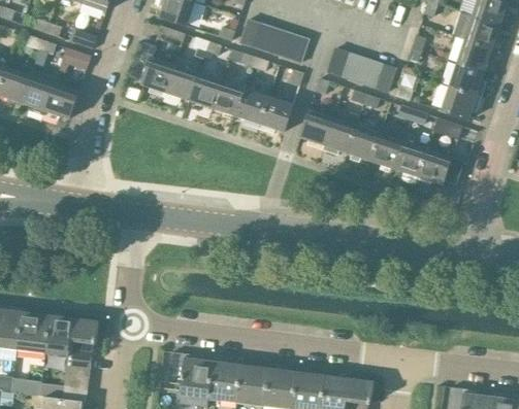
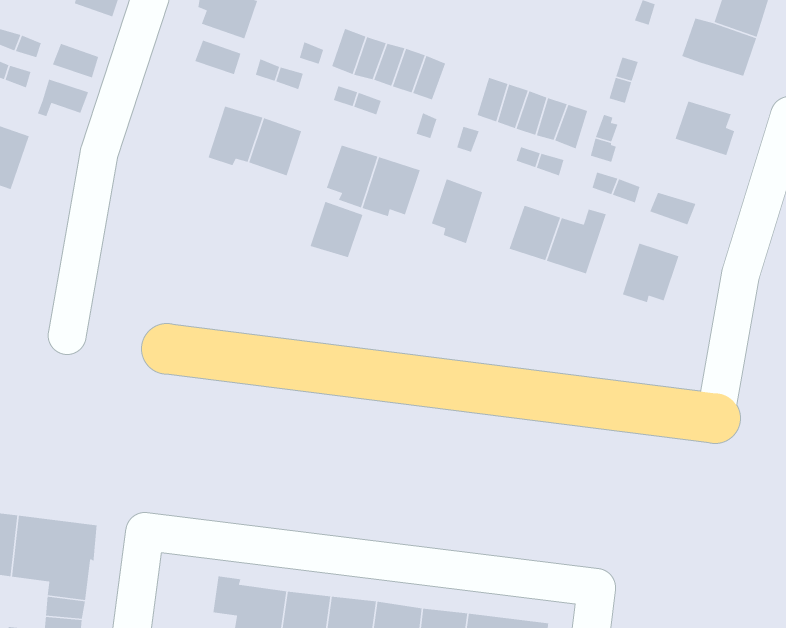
building: [456,40,490,71] -> none
building: [130,43,173,98] -> none
building: [212,81,245,116] -> [309,201,364,258]
building: [43,84,78,123] -> none
building: [441,87,480,120] -> none
building: [321,112,360,156] -> none
building: [394,132,426,181] -> none

